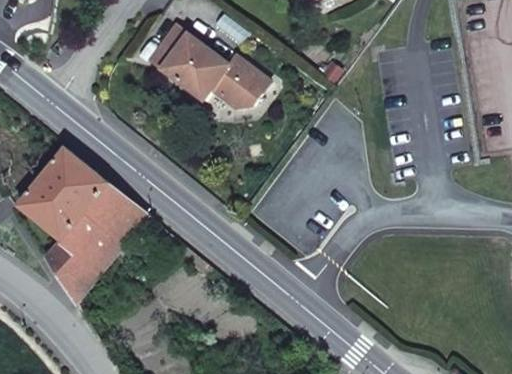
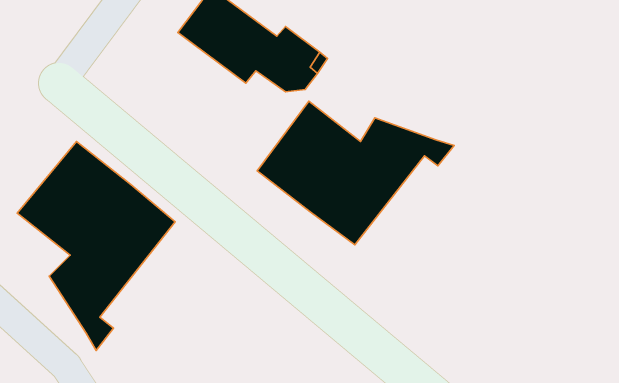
building: none -> [257,101,454,245]

